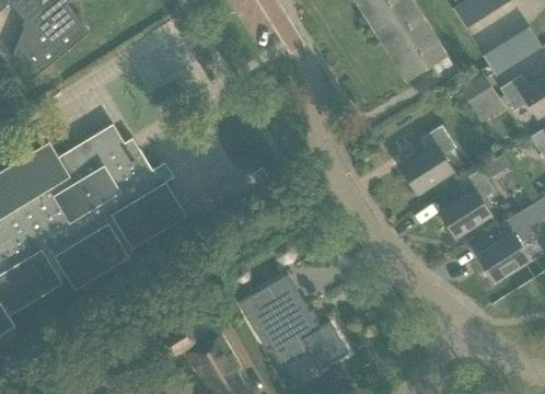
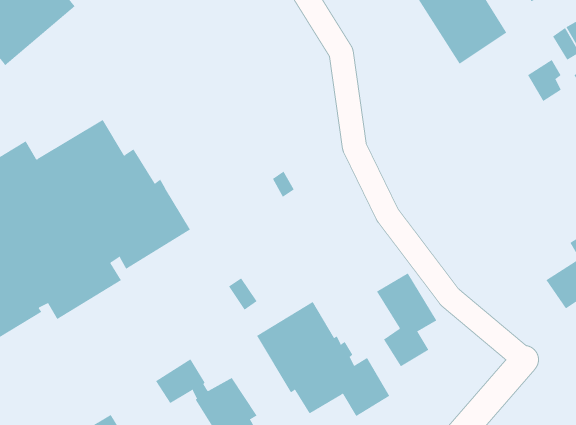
building: [401,126,455,194] -> none
building: [439,170,494,237] -> none
building: none -> [376,272,437,367]

